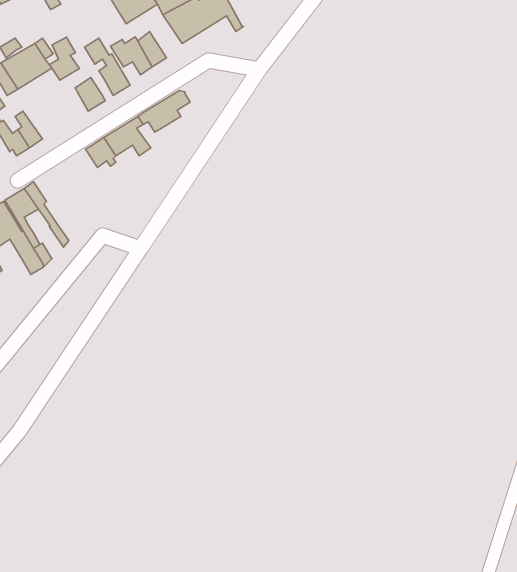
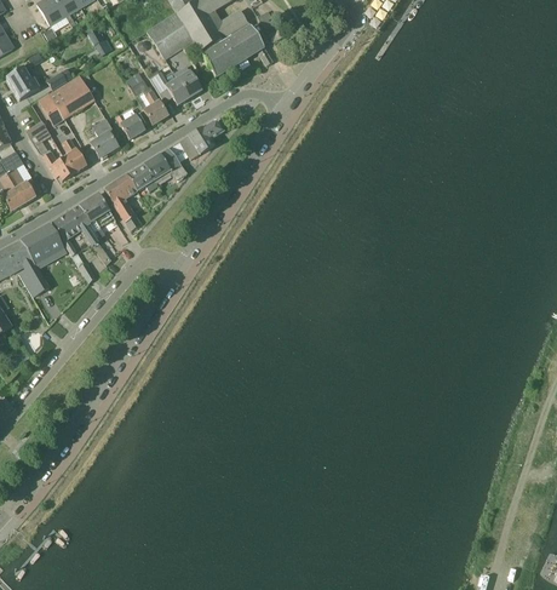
building: [49,37,79,80] -> [90,116,117,156]
building: none -> [103,172,140,229]
building: none -> [77,191,114,225]

